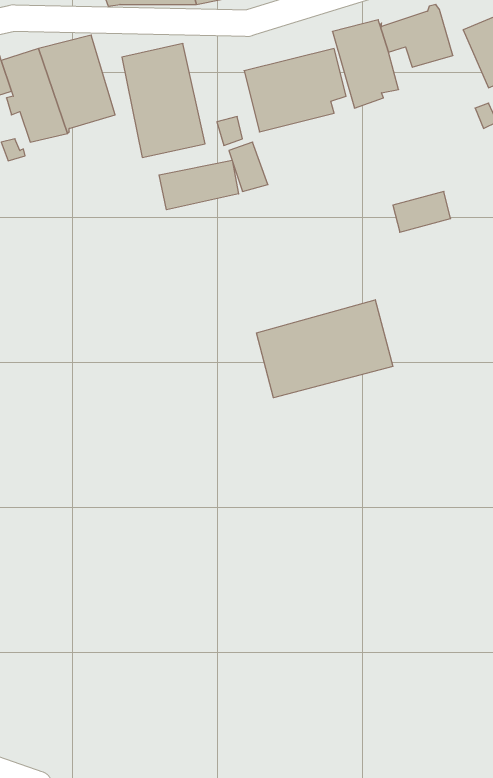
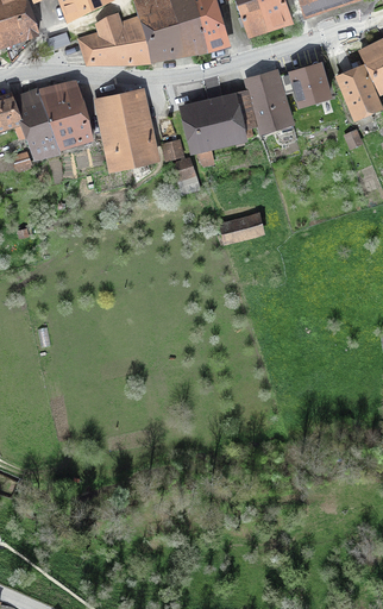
building: [159,160,239,210] -> none
building: [393,191,451,232] -> [221,214,262,243]
building: [257,300,393,398] -> none

